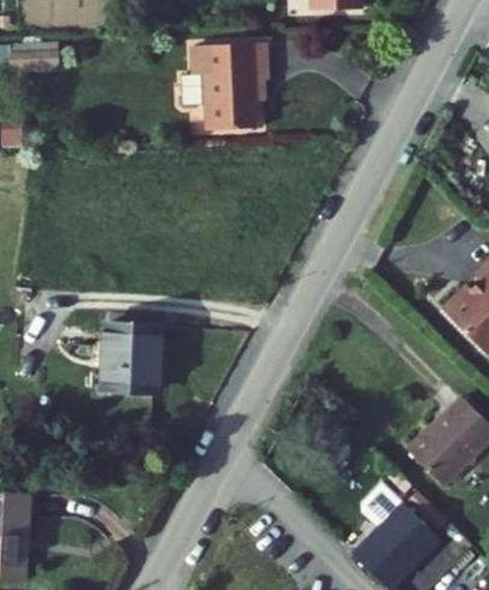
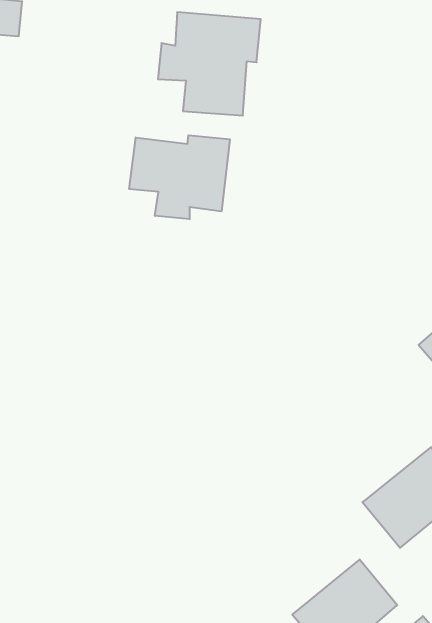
building: none -> [129,135,230,219]
building: [113,317,170,384] -> none

